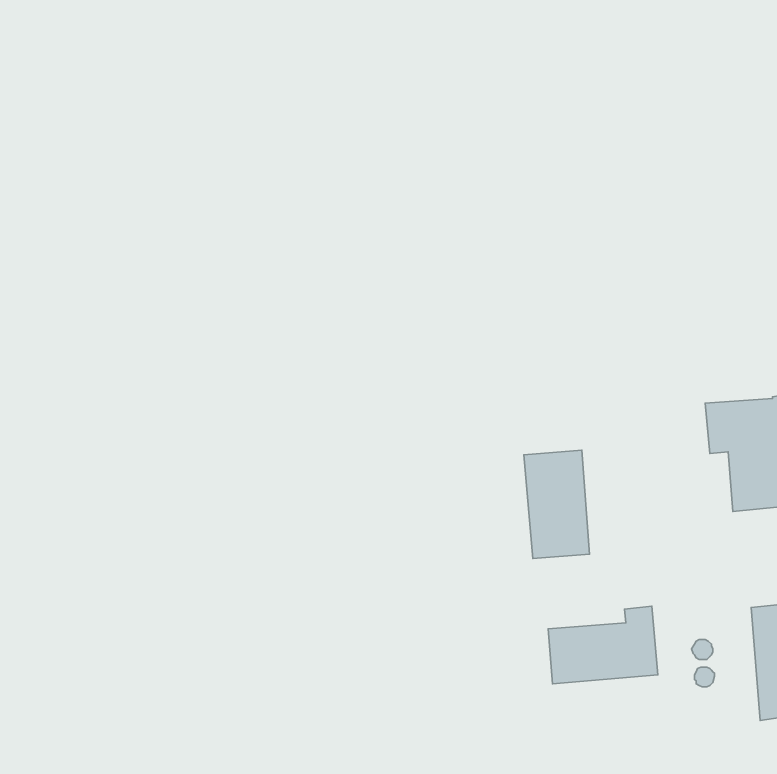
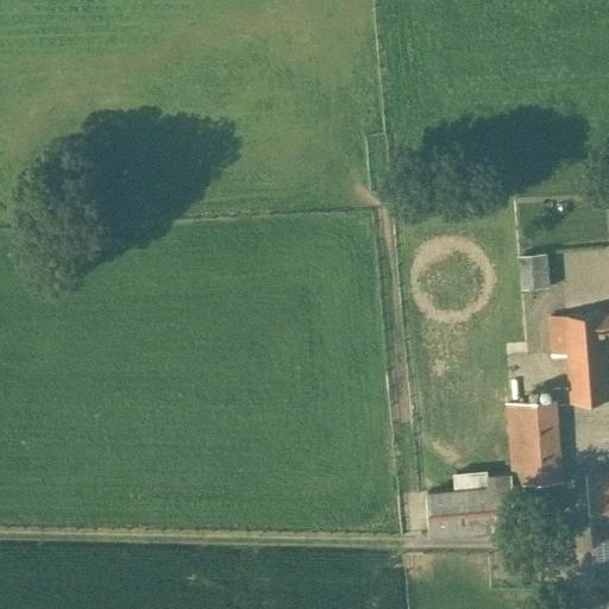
building: none -> [519,252,550,288]
building: [524,450,589,559] -> [510,403,561,488]

